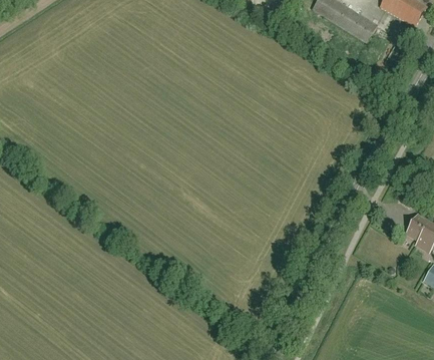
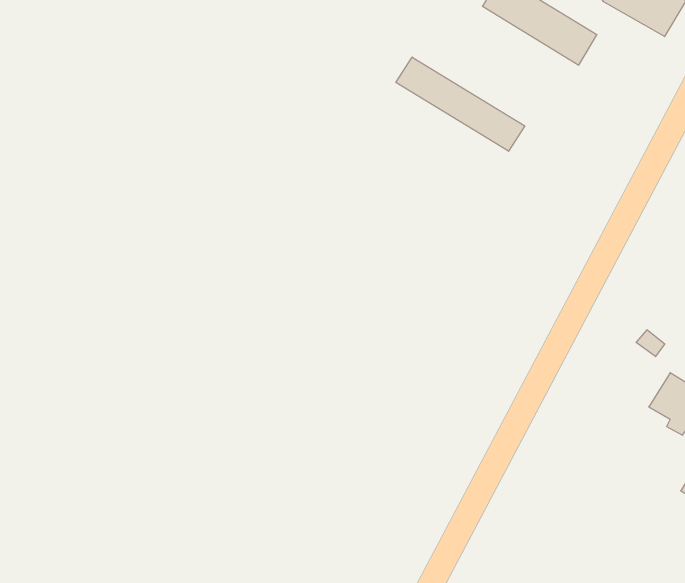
building: none -> [396,57,525,151]

